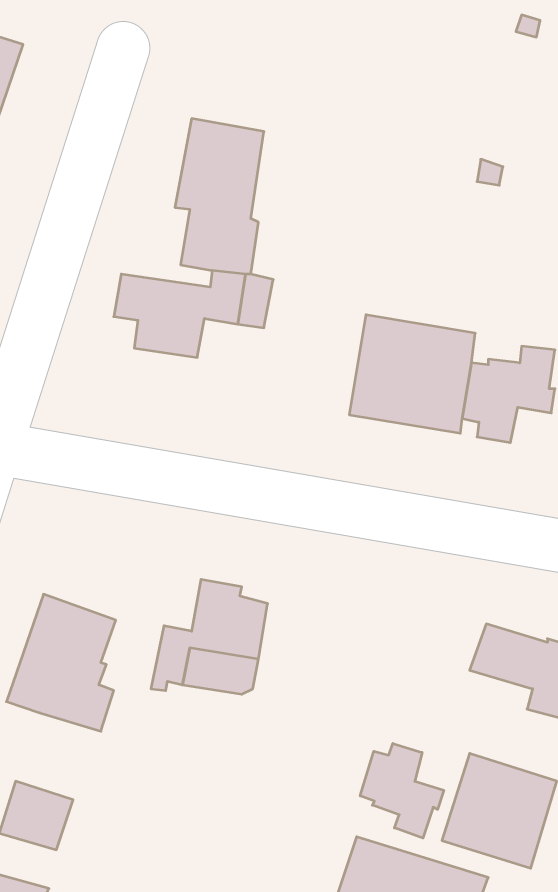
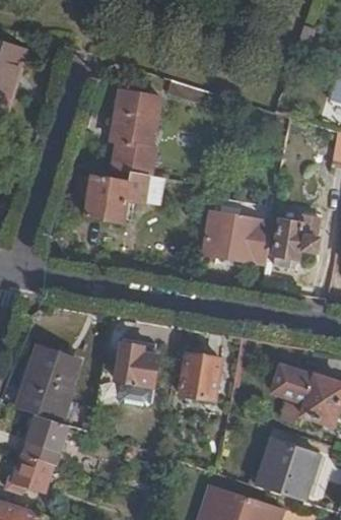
building: none -> [173,353,219,398]
building: none -> [22,415,69,464]
building: [360,743,444,838] -> none

